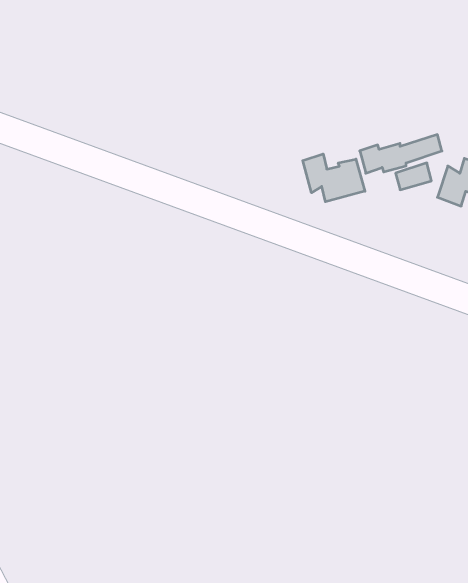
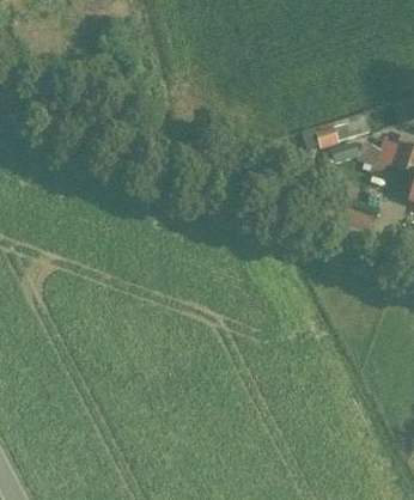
building: [303,154,365,202] -> none

